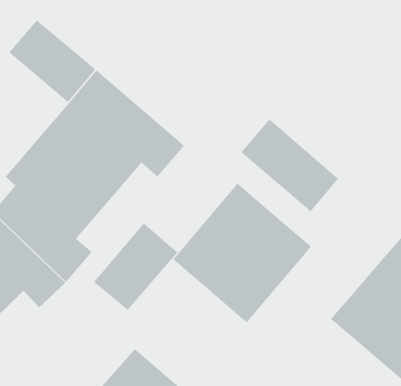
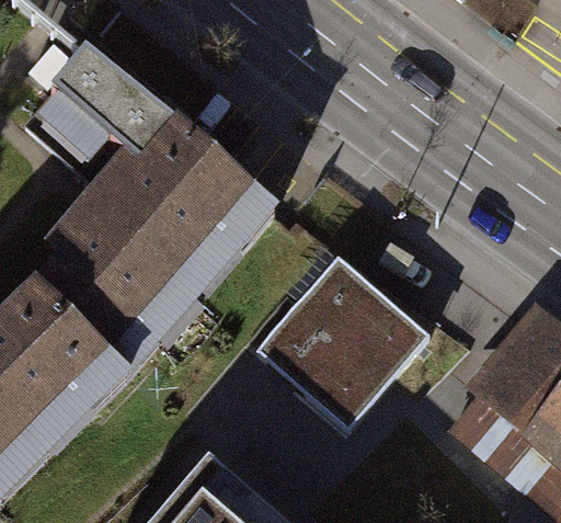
building: [240,119,339,212] -> none
building: [93,223,178,311] -> none

